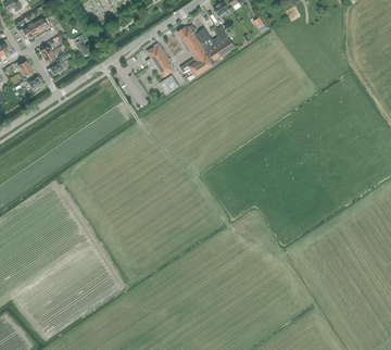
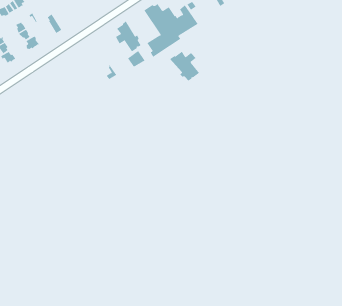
building: none -> [169,51,200,82]

